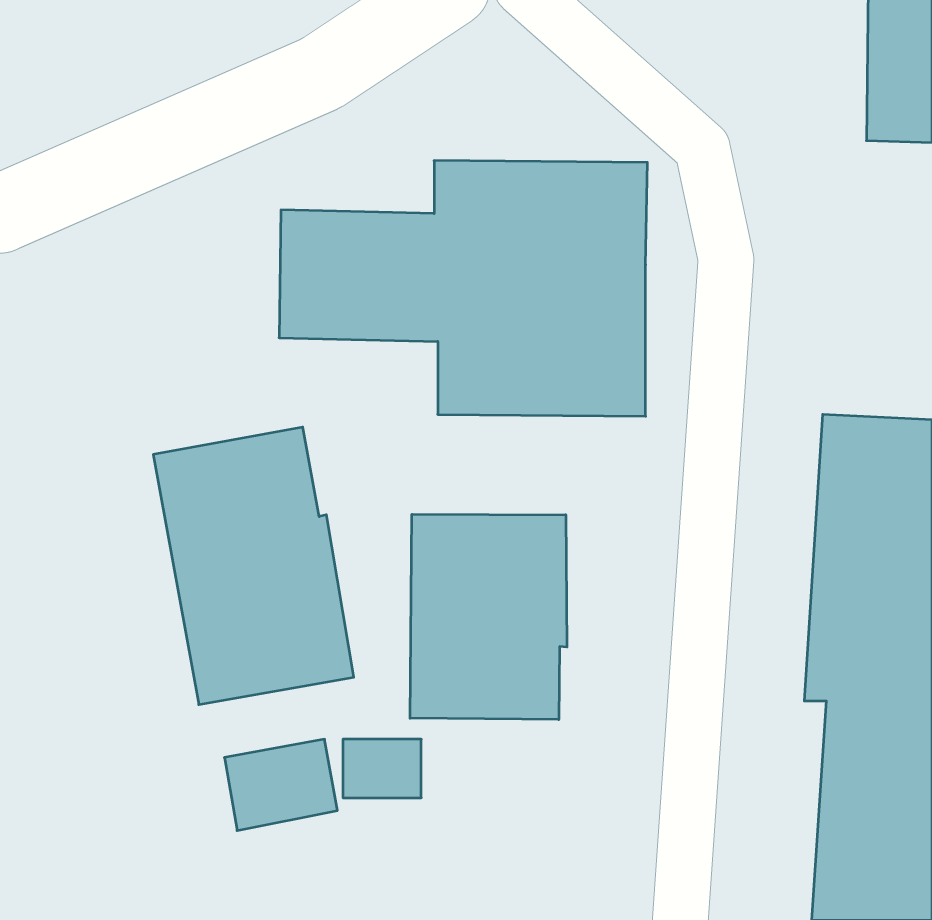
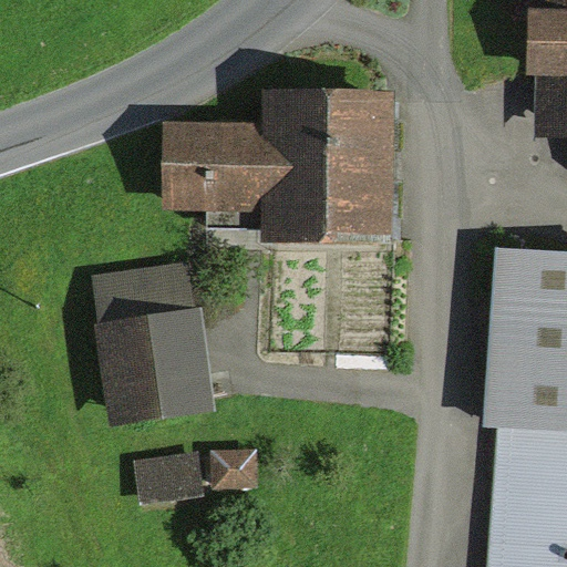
building: [410,514,567,720] -> none

